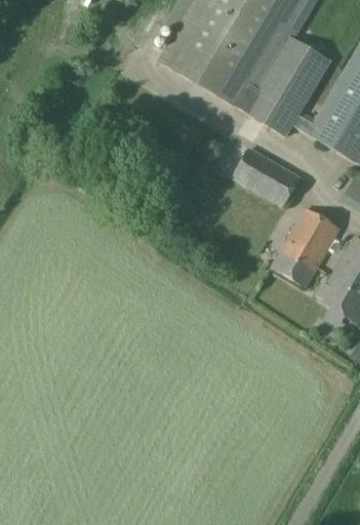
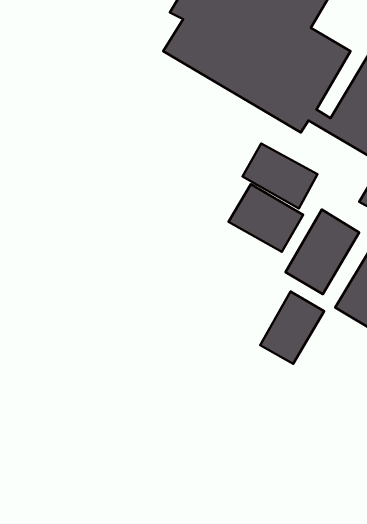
building: none -> [229,184,303,252]
building: none -> [260,291,324,364]

